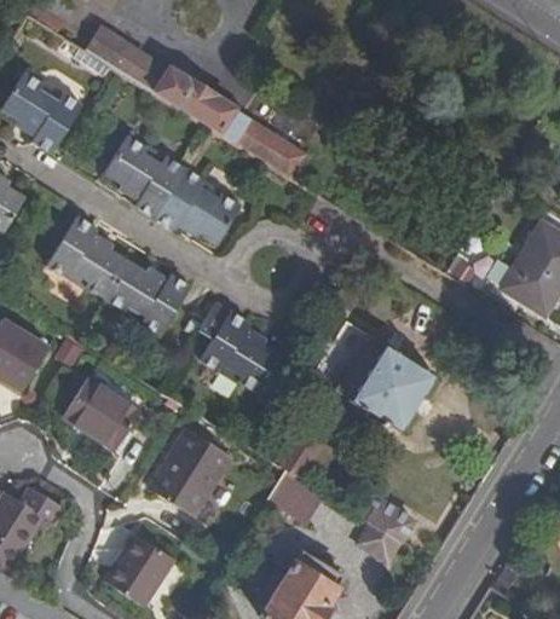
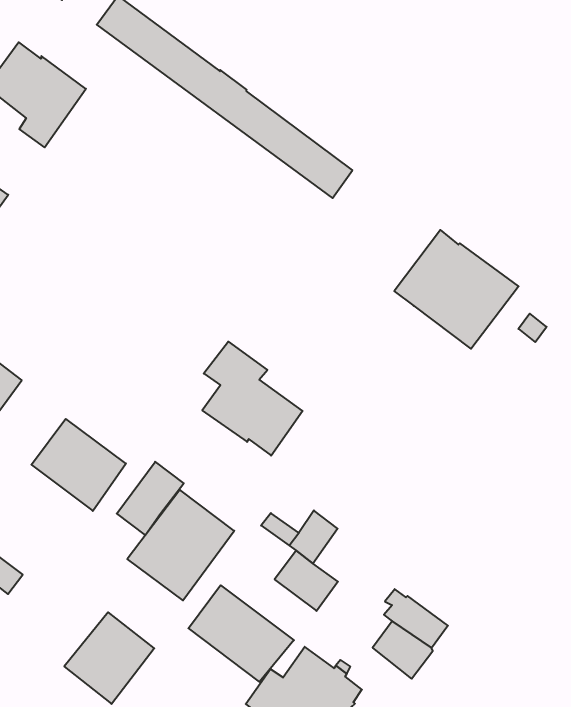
building: [103,133,242,244] -> none
building: [47,214,191,336] -> none
building: [335,335,437,430] -> [394,230,519,349]
building: none -> [117,462,184,535]
building: none -> [188,585,294,682]

